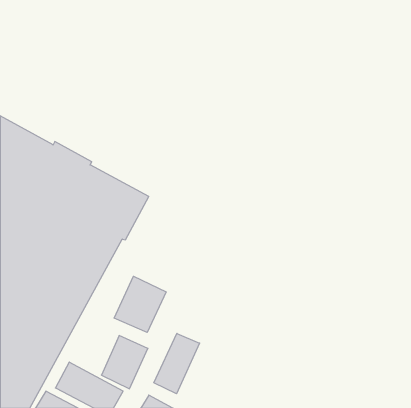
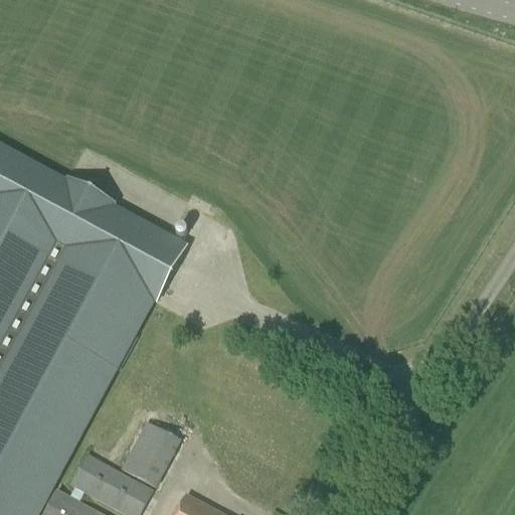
building: [114,276,166,332] -> none
building: [154,333,200,394] -> none

